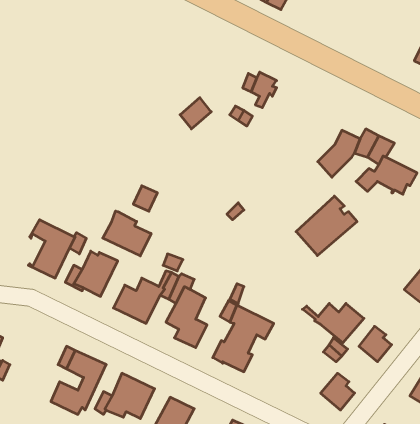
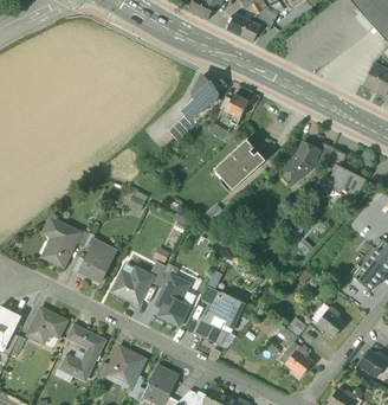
building: none -> [181,77,219,120]
building: [296,196,357,256] -> [213,141,264,191]
building: [103,211,151,256] -> none
building: [302,303,364,343] -> none
building: none -> [27,308,67,343]

